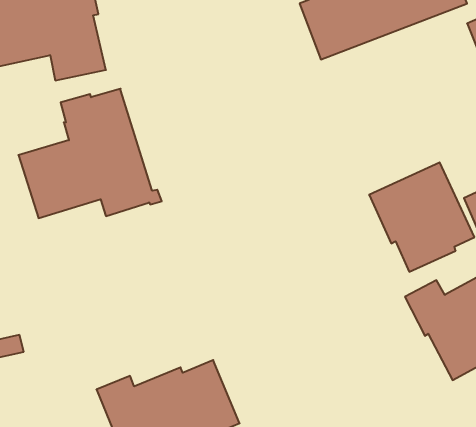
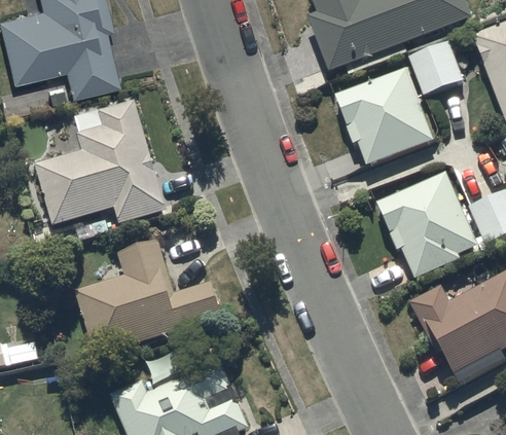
building: none -> [407,39,462,95]
building: none -> [334,67,434,164]
building: none -> [74,240,224,356]

